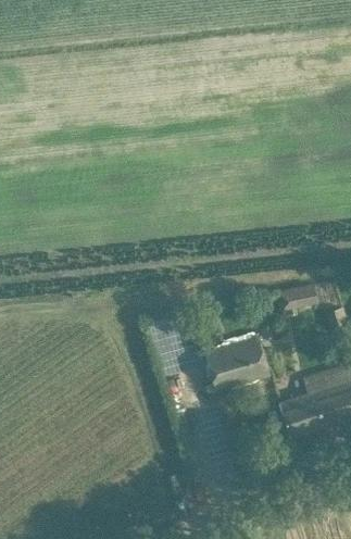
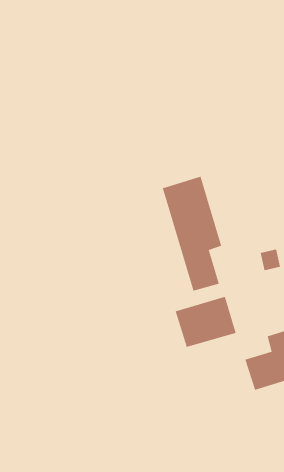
building: none -> [162,176,222,292]

